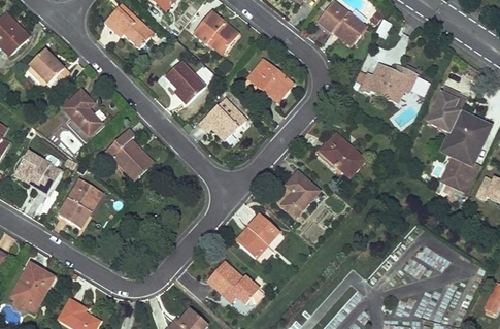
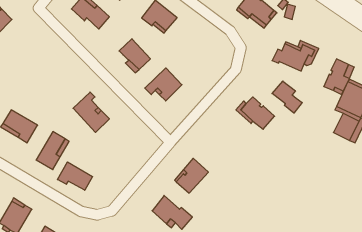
building: [23,48,68,88] -> none
building: [247,61,292,101] -> none
building: [61,90,101,134] -> none
building: none -> [272,81,302,113]
building: [281,171,319,217] -> none
building: none -> [57,162,93,190]

